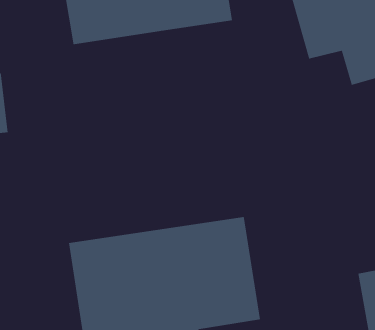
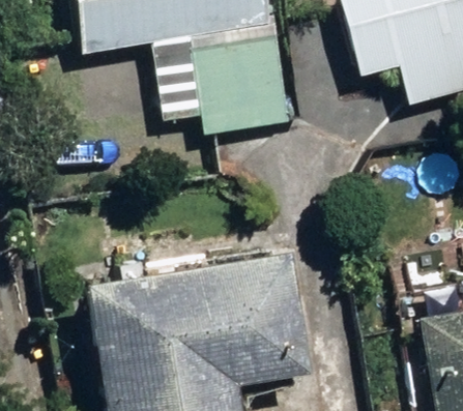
building: none -> [193,26,290,134]

